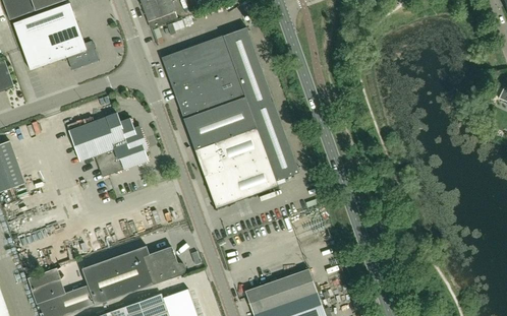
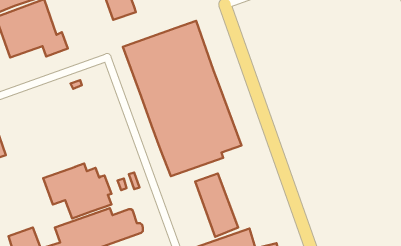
building: [68,112,148,176] -> [43,163,111,218]
building: none -> [195,174,238,237]

